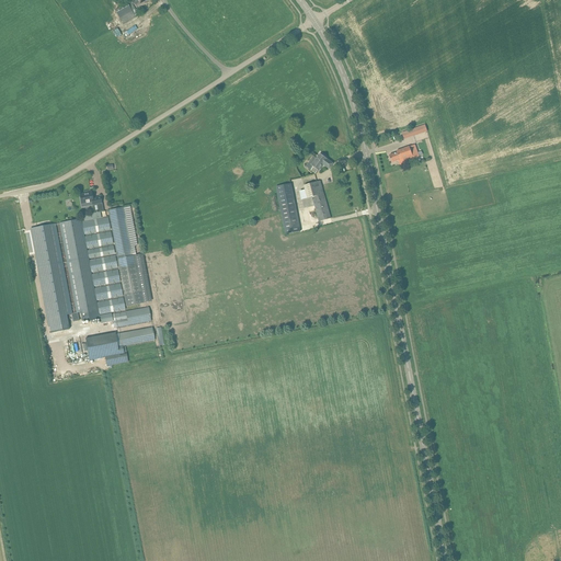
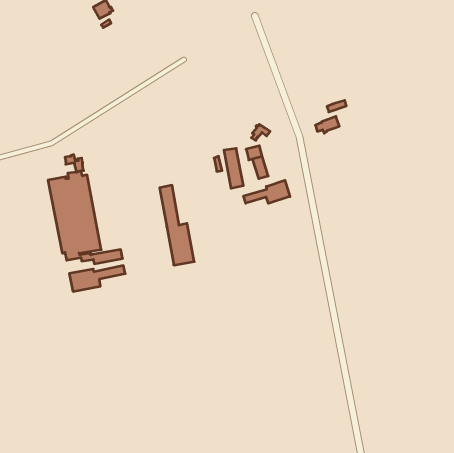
building: [108,206,151,305] -> [160,185,194,265]
building: none -> [244,180,290,203]
building: [31,224,72,327] -> none

